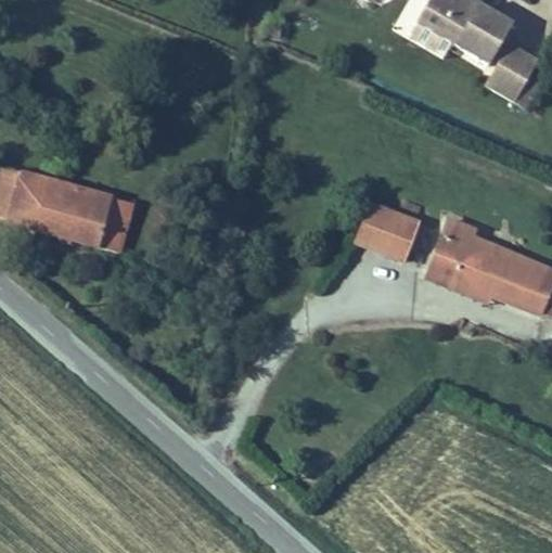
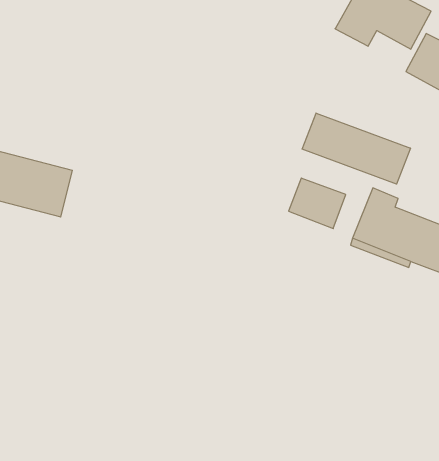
building: none -> [302,113,410,184]
building: [99,195,137,254] -> none

